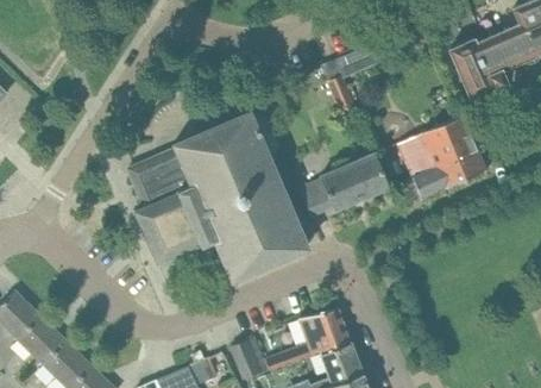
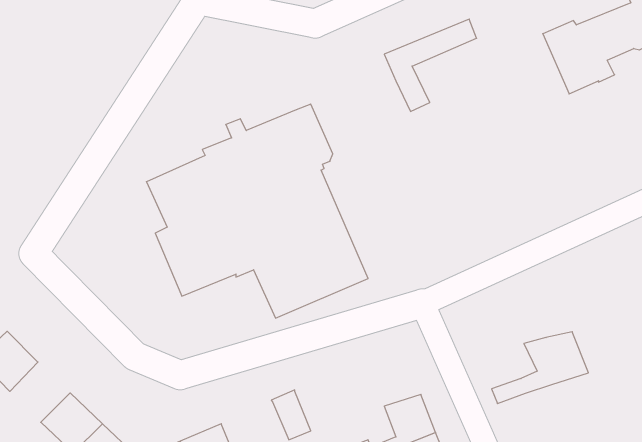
building: [397,114,486,200] -> none
building: [300,154,390,217] -> none
building: [272,309,351,368] -> [492,332,588,404]
building: [18,317,67,365] -> none

